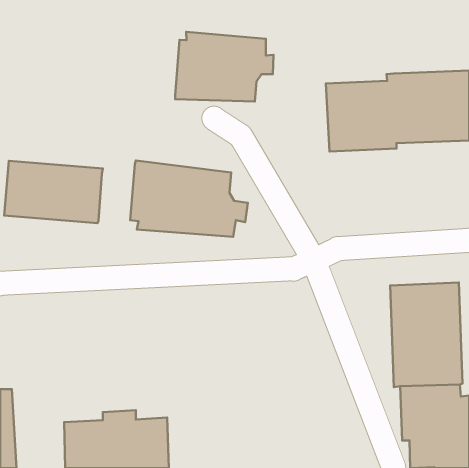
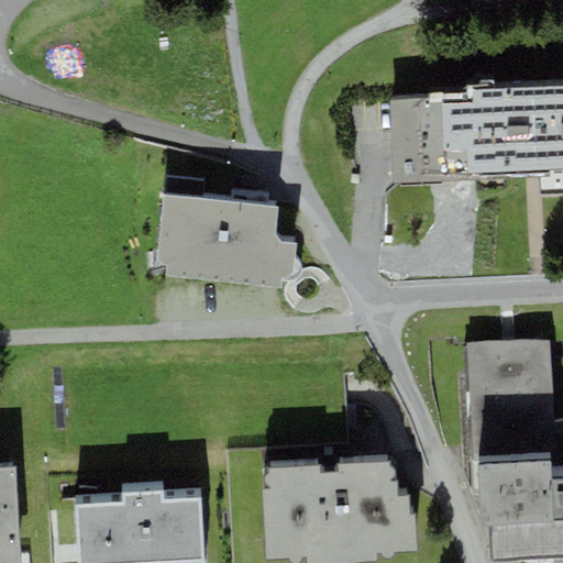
building: [175,32,273,102] -> none
building: [4,161,103,223] -> none
building: none -> [264,461,416,556]

